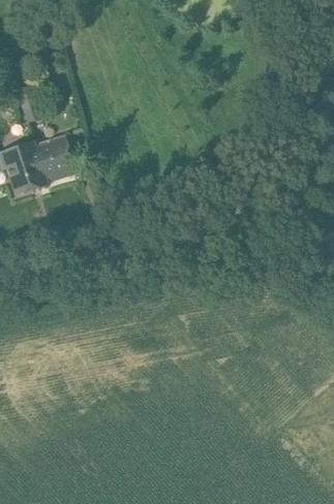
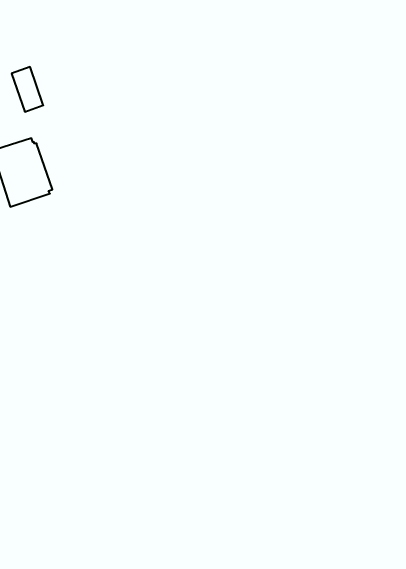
building: [35,135,78,182] -> none

